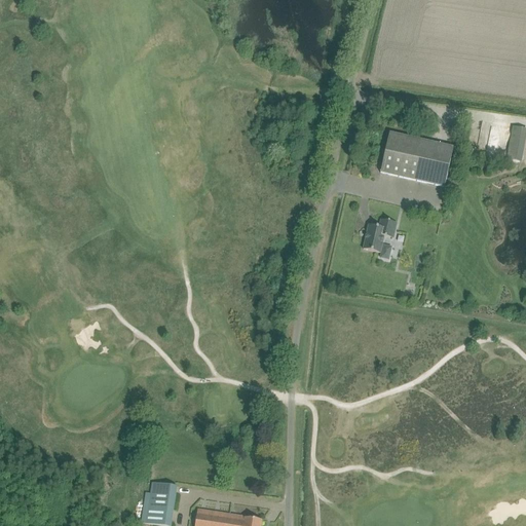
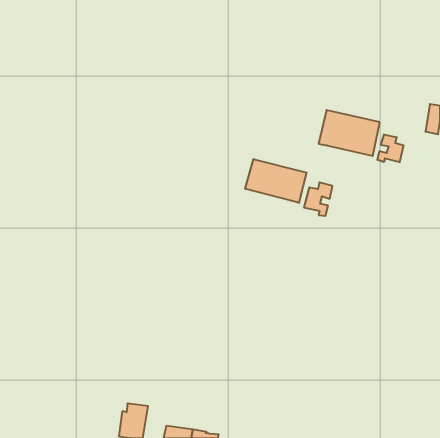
building: none -> [377,134,403,162]
building: none -> [245,159,307,203]

